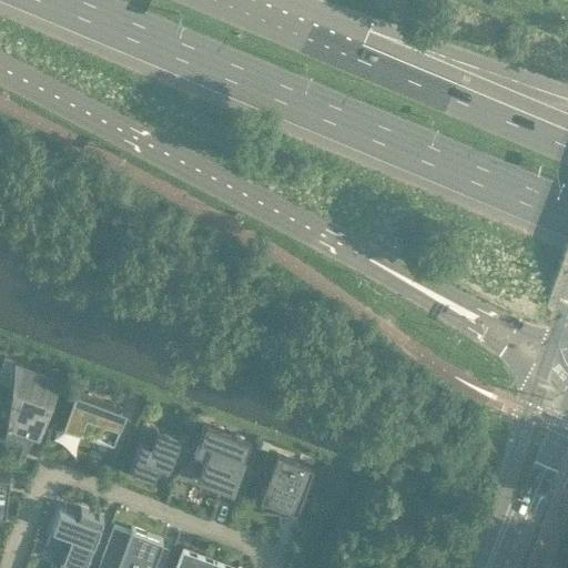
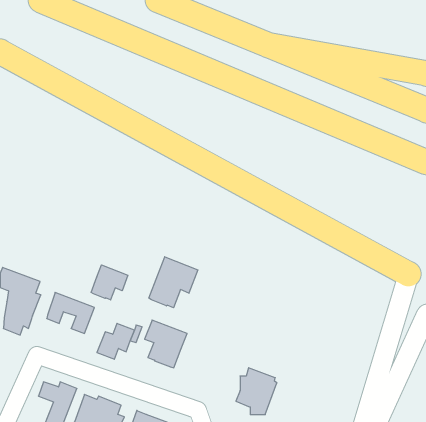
building: none -> [149,257,198,308]
building: none -> [91,265,128,300]
building: [260,458,314,520] -> [236,368,277,415]

